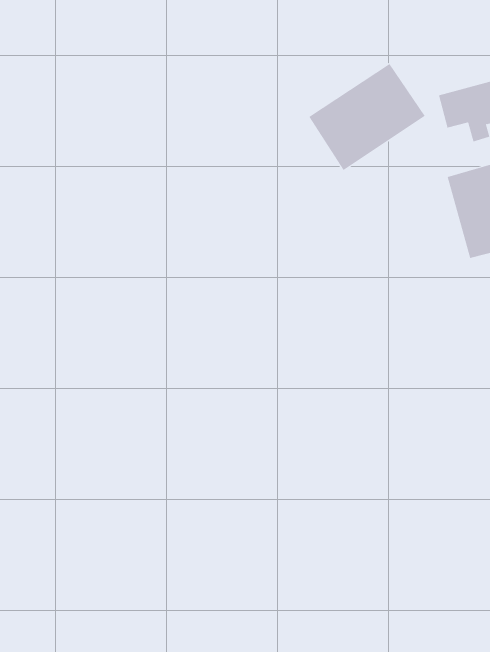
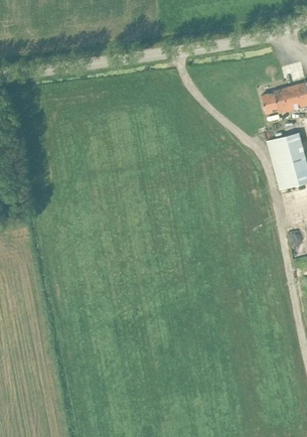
building: [309,63,426,171] -> none

